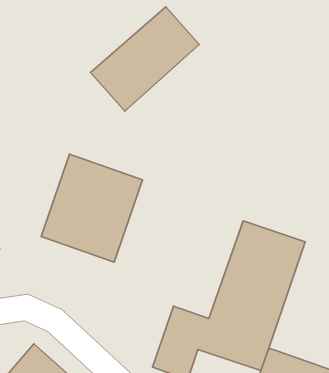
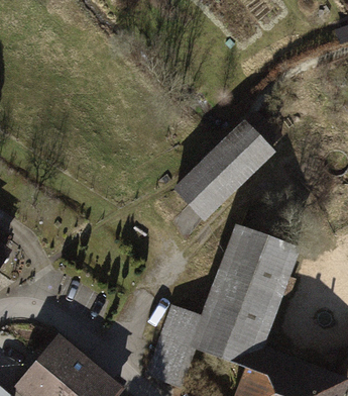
building: [91,7,199,111] -> [172,127,271,222]
building: [41,154,143,262] -> none

